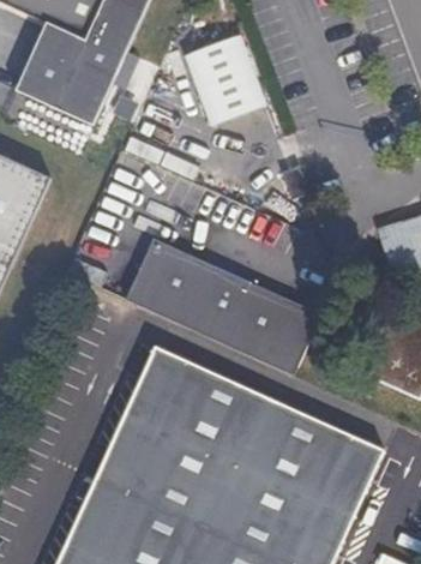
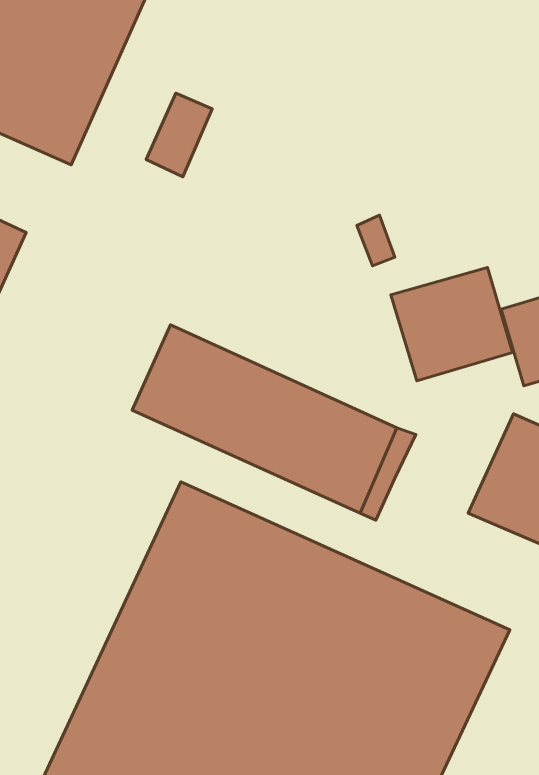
building: [186,34,271,127] -> none
building: none -> [391,268,512,381]

